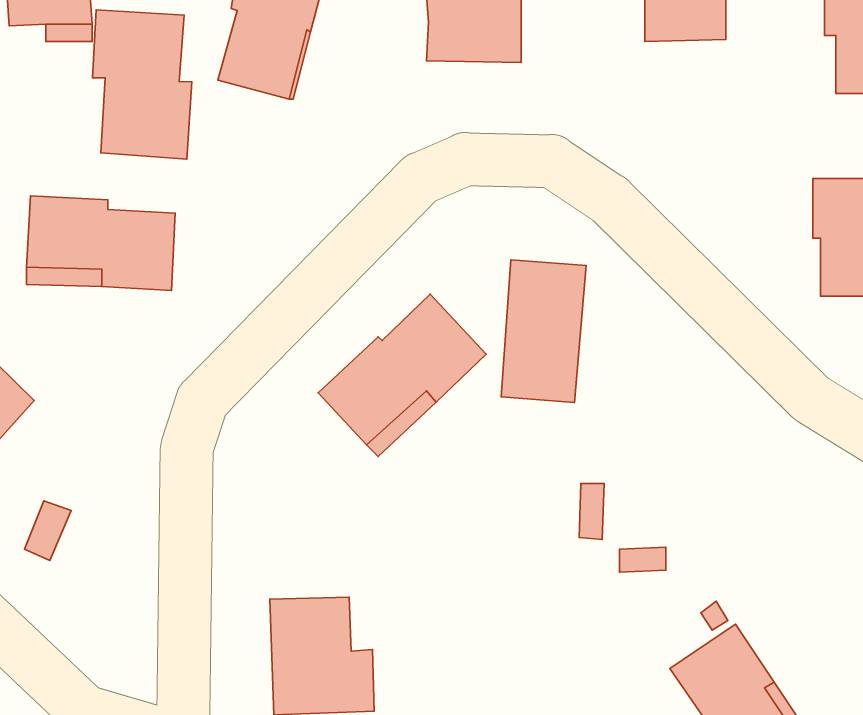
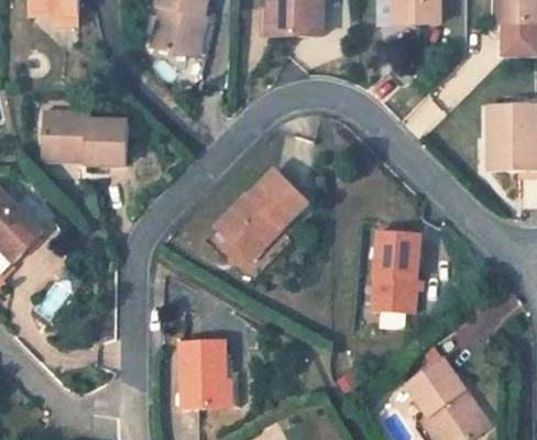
building: [92,10,192,159] -> none
building: [501,260,586,403] -> [372,230,420,311]

